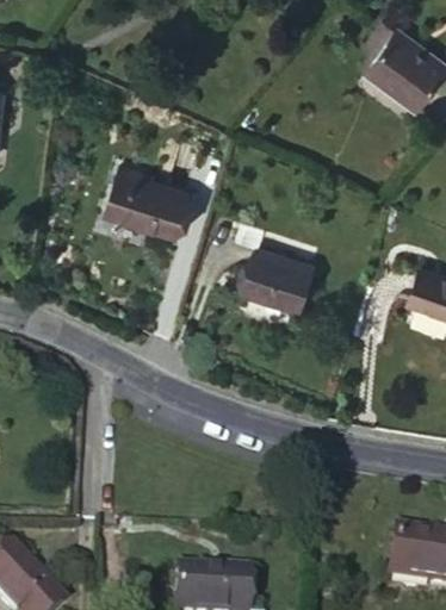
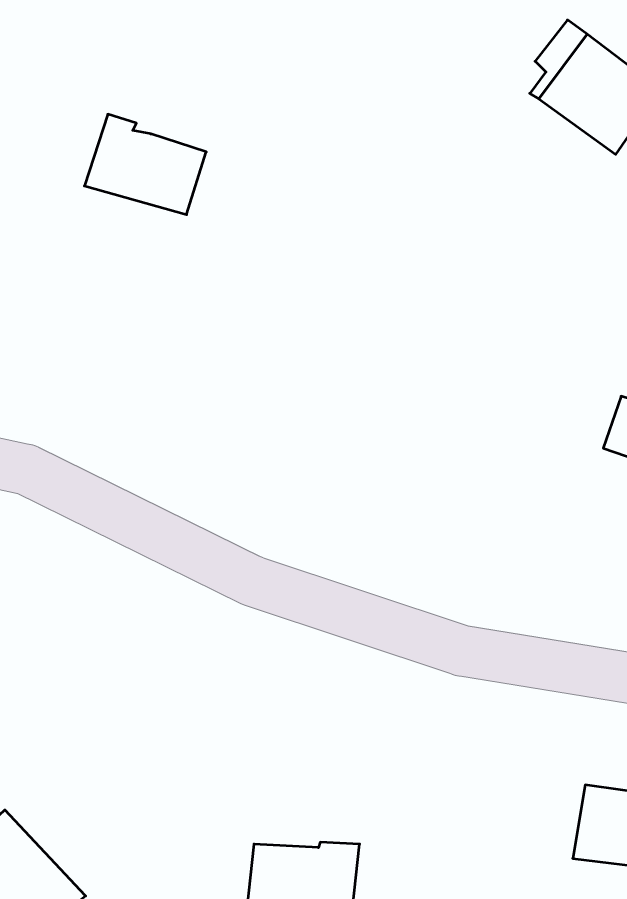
building: [107,169,188,236] -> [84,114,206,215]
building: [244,250,314,310] -> none

